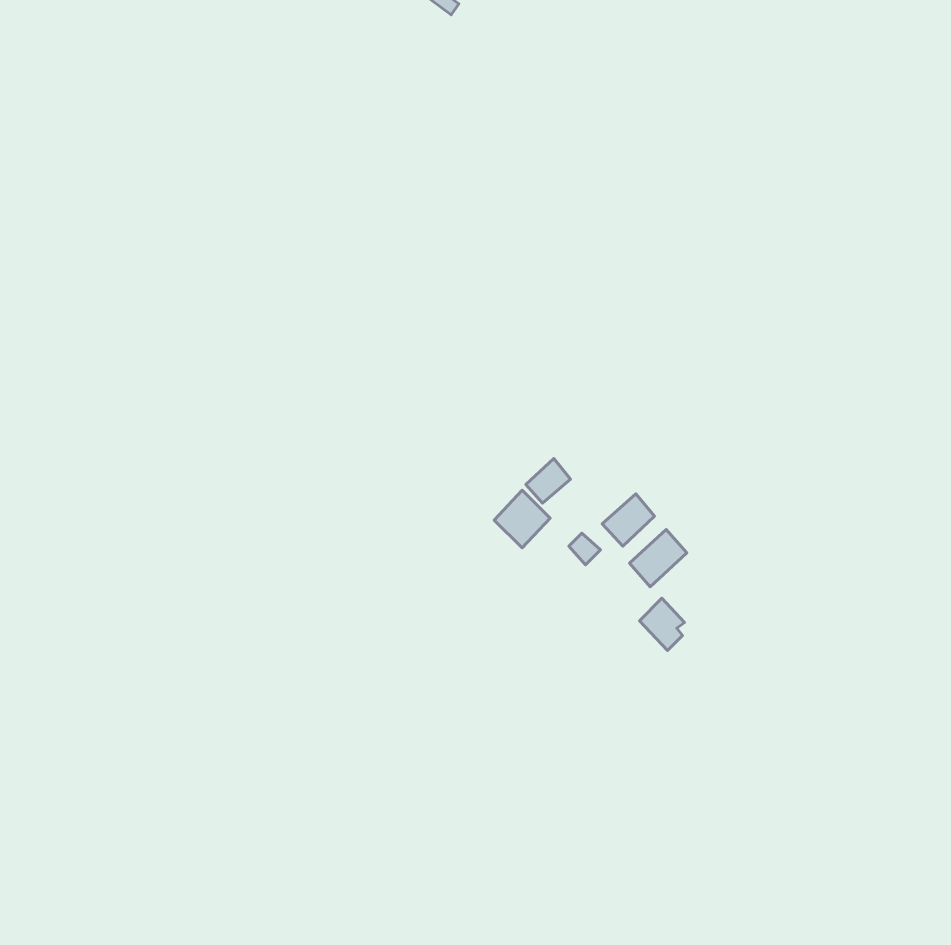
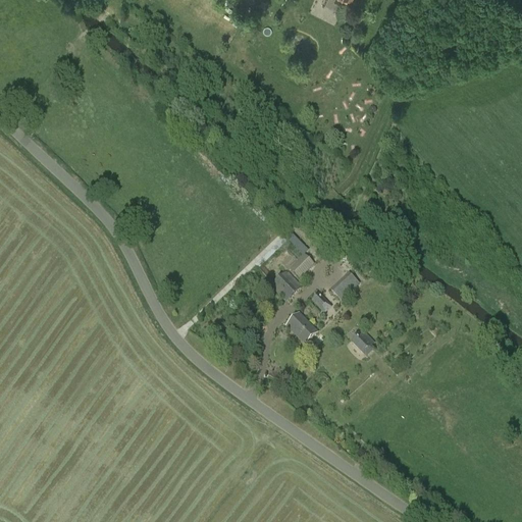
building: [629,529,687,587] -> none
building: none -> [285,311,317,343]

